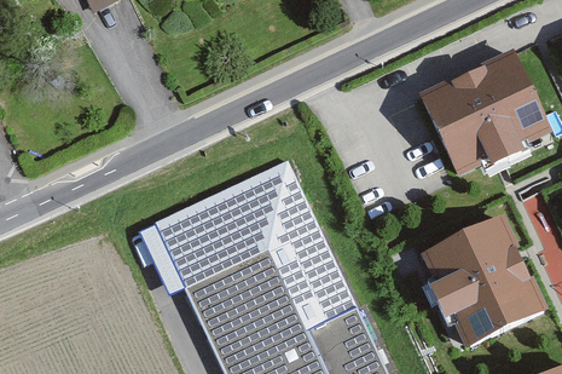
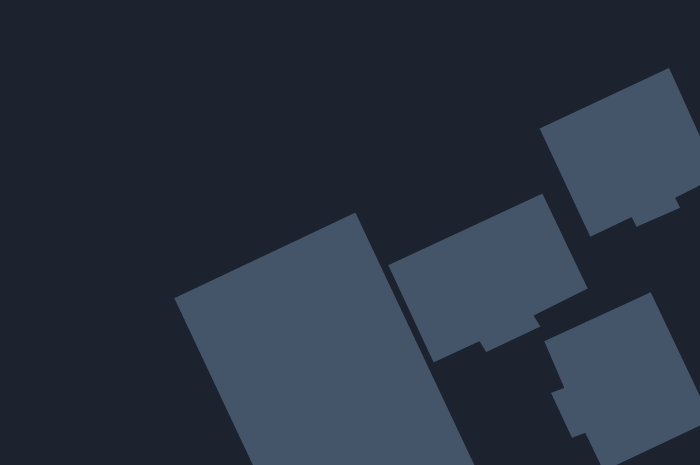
building: none -> [387,192,589,363]

